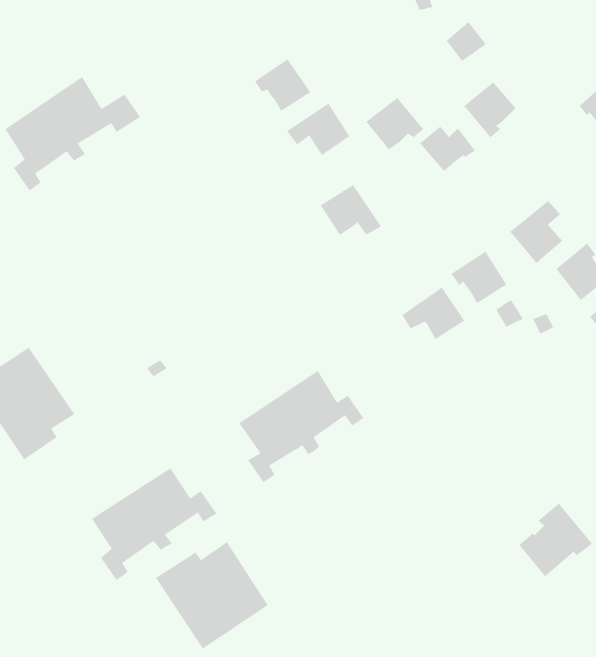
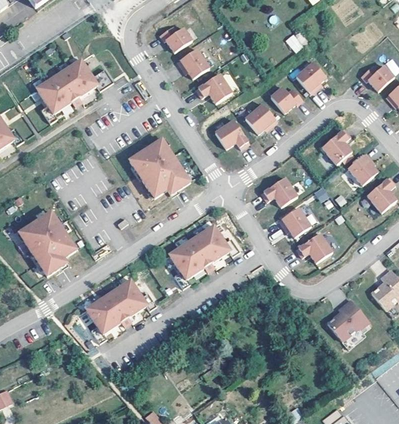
building: none -> [160,26,192,52]
building: [366,97,424,150] -> [245,103,278,133]
building: none -> [129,138,190,197]
building: [450,251,507,304] -> [279,207,311,237]
building: none -> [297,232,333,262]
building: [155,541,268,650] -> none

